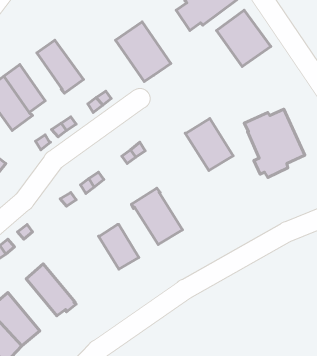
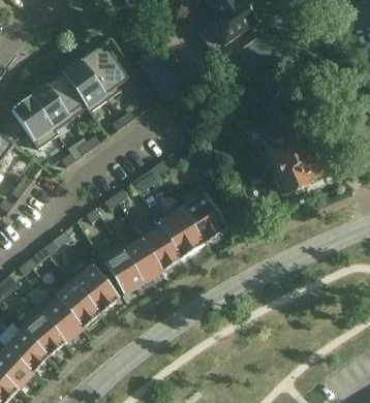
building: none -> [80,43,130,98]
building: none -> [45,72,87,119]
building: [185,118,233,171] -> [181,193,227,244]
building: none -> [137,222,180,271]
building: none -> [97,242,142,295]
building: none -> [68,264,119,314]
building: none -> [34,291,82,342]

